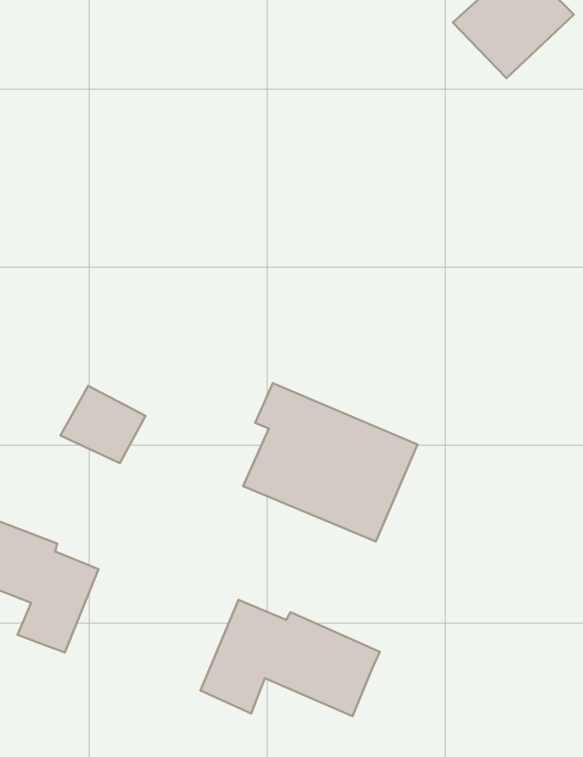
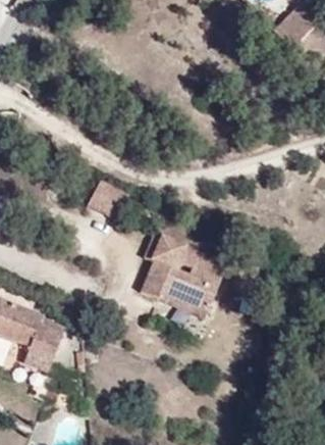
building: [60,386,146,463] -> [89,181,132,220]
building: [200,600,380,716] -> none

